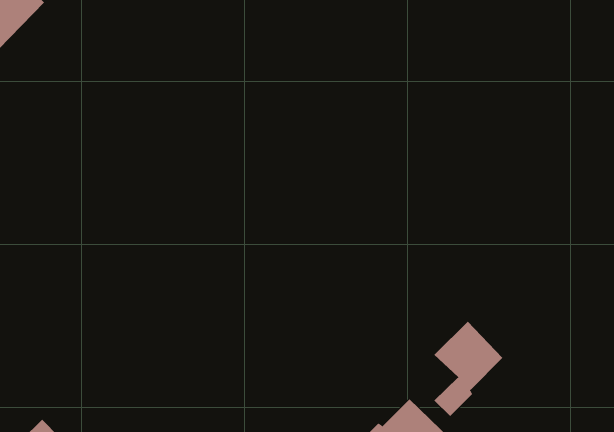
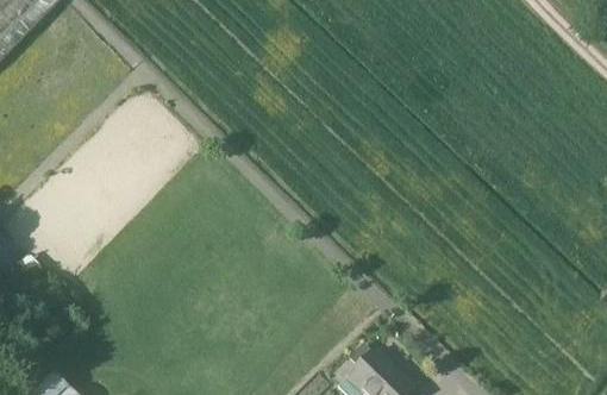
building: [433,321,503,417] -> none

